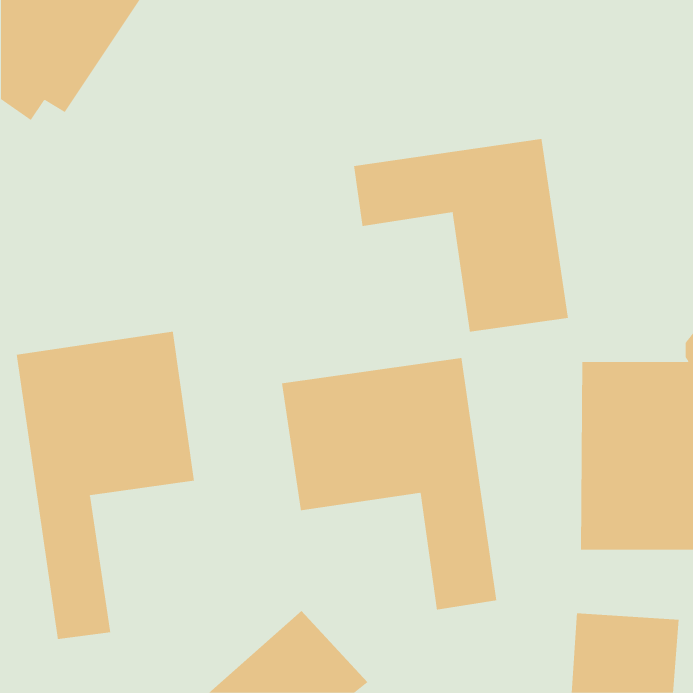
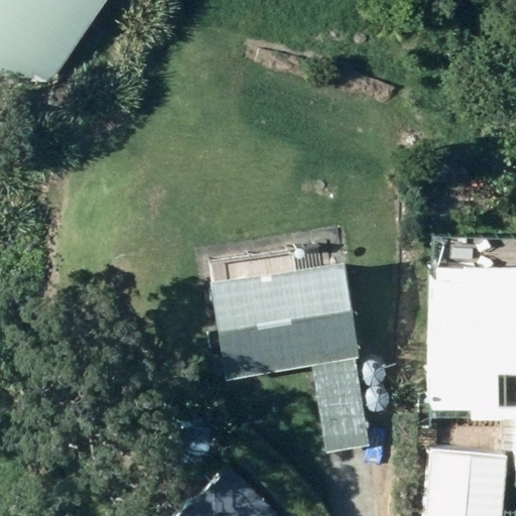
building: [354,138,568,333] -> none
building: [16,331,195,640] -> none

